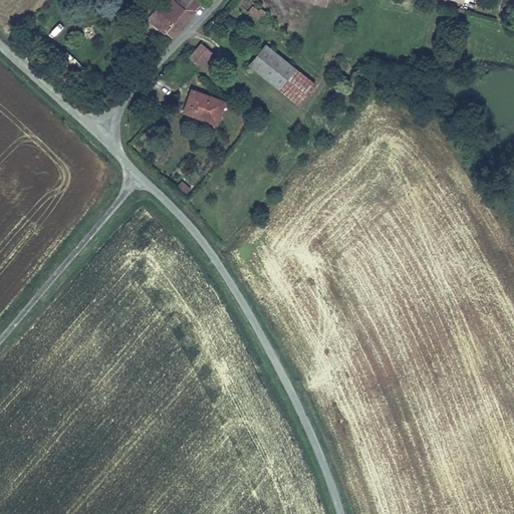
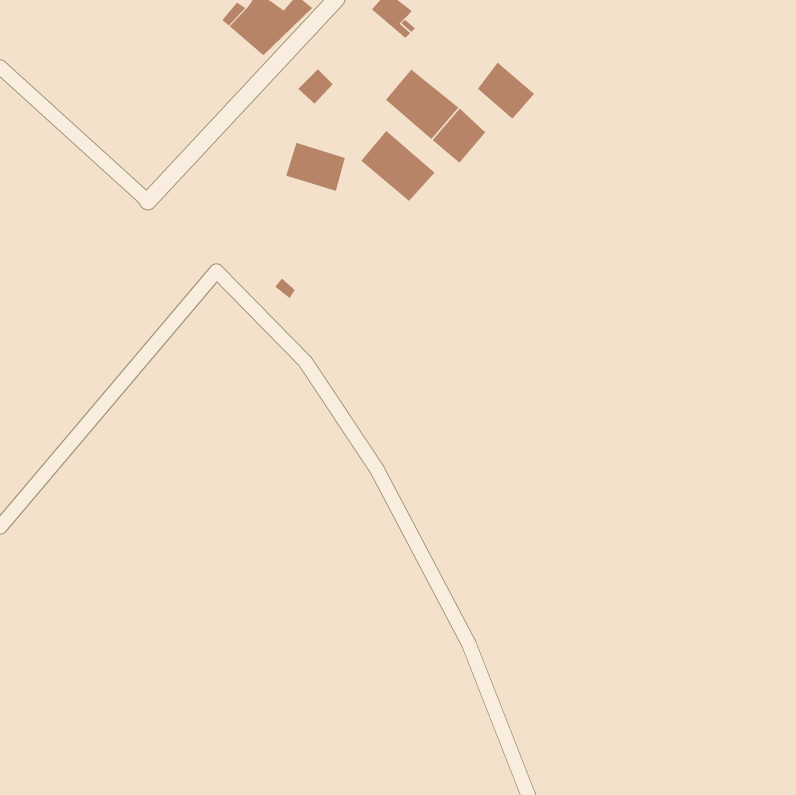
building: none -> [477,62,535,120]
building: none -> [360,130,436,202]

